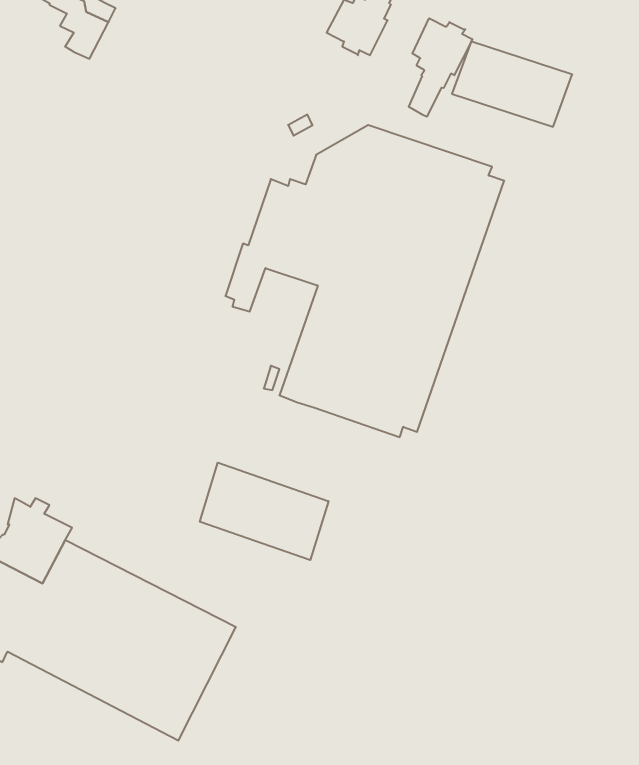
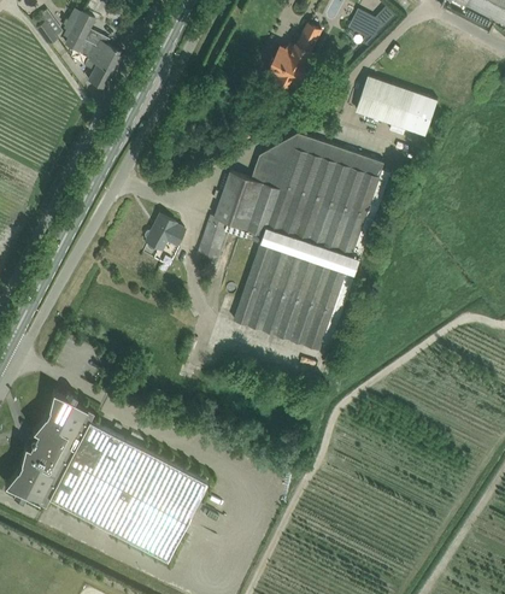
building: [409,18,472,117] -> none
building: none -> [142,213,183,251]
building: [200,463,328,560] -> none

